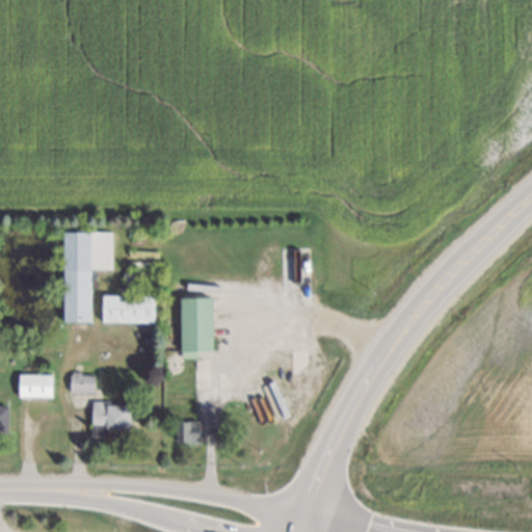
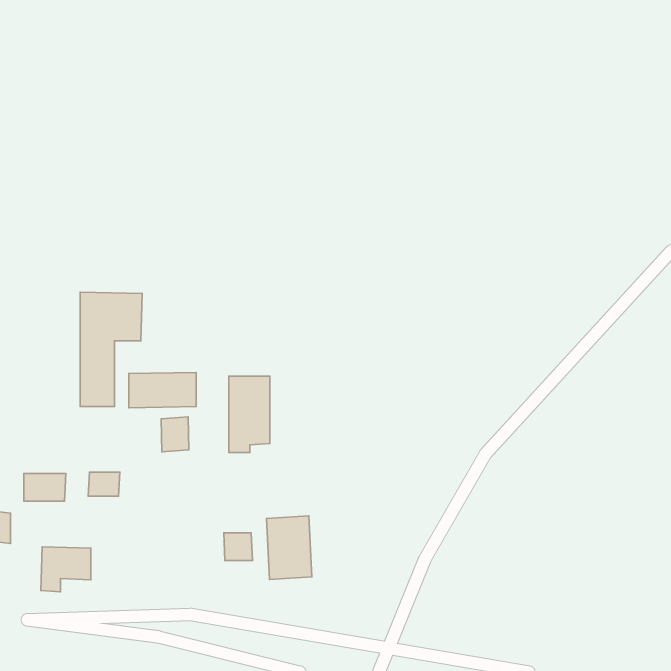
building: none -> [161,417,189,452]
building: [91,403,131,438] -> [41,547,91,592]
building: none -> [267,516,312,580]

